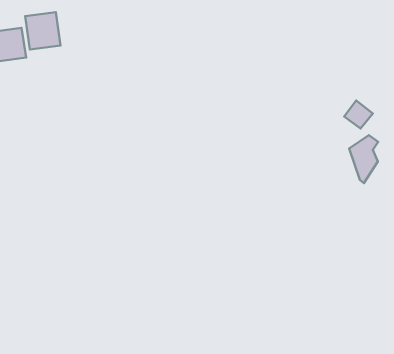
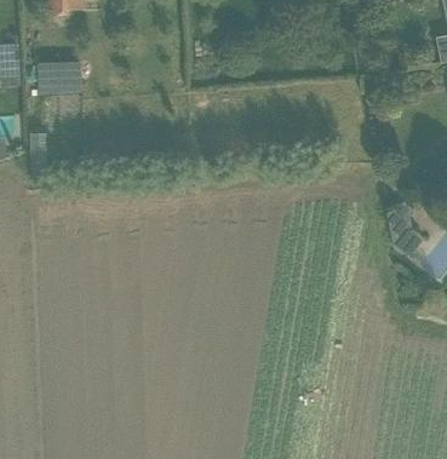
building: [25,12,60,49] -> none

